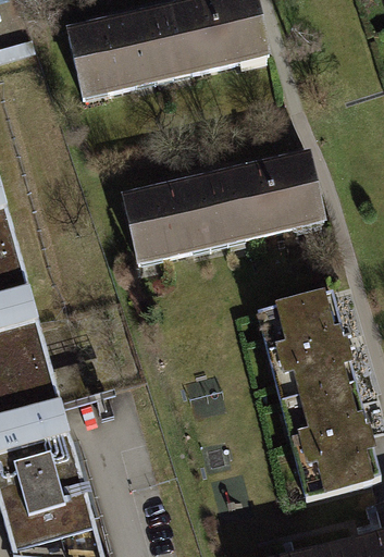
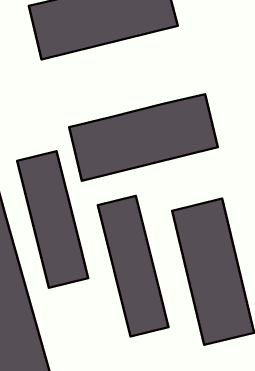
building: none -> [17,151,88,288]
building: none -> [98,196,169,337]

